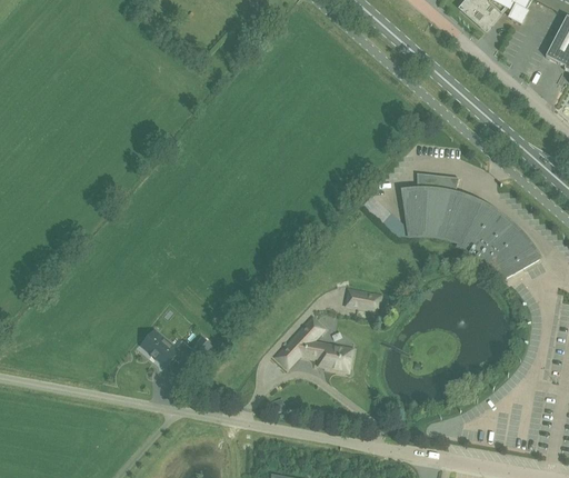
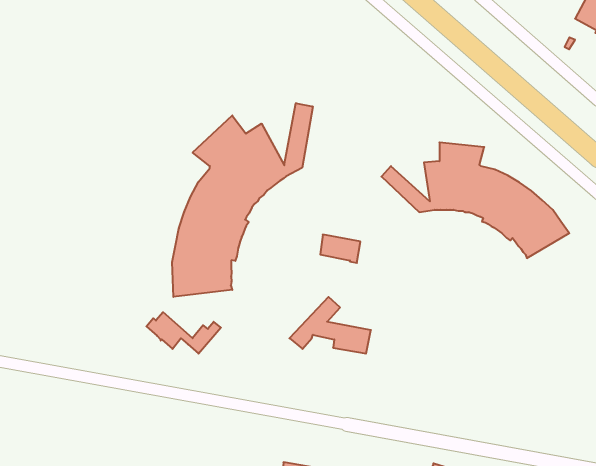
building: none -> [172,103,313,297]
building: [346,287,383,313] -> [320,235,360,263]

